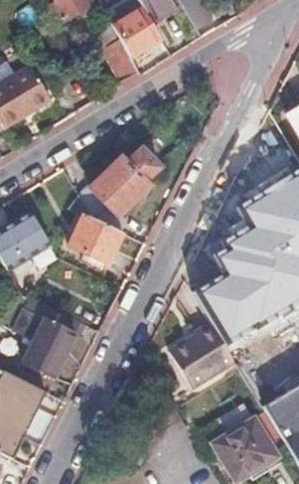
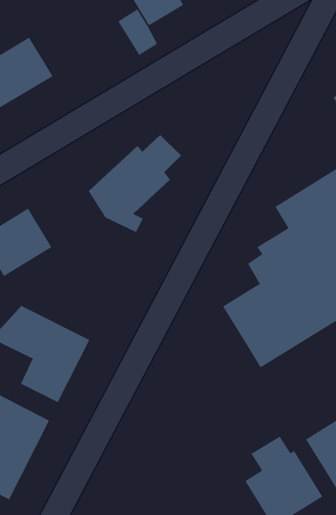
building: [67,212,123,264] -> none
building: [168,322,235,387] -> none

